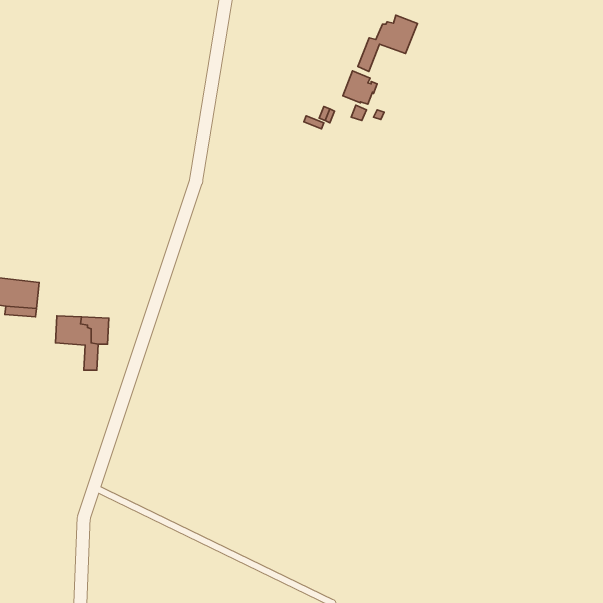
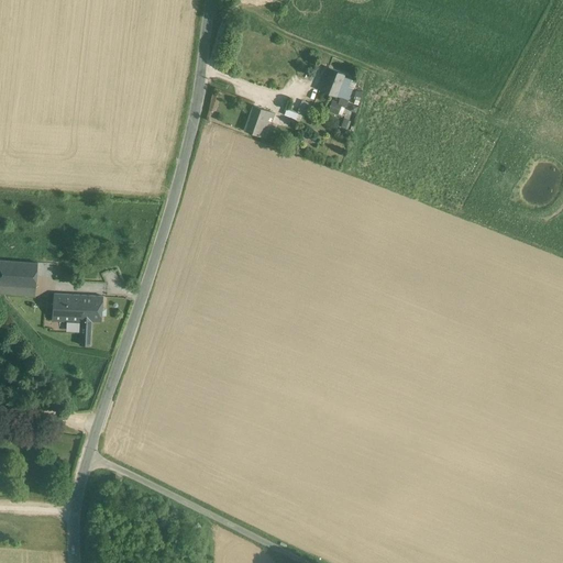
building: [358,15,418,72] -> none
building: none -> [244,104,274,136]

